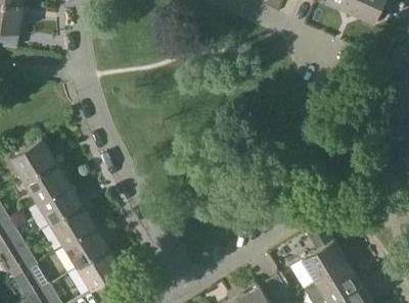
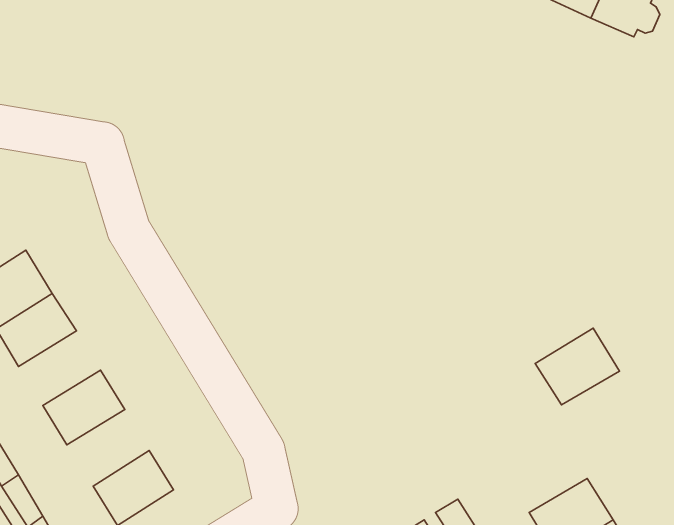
building: [36,184,81,224] -> none
building: [62,226,107,268] -> none
building: [301,241,347,283] -> [535,328,619,405]

